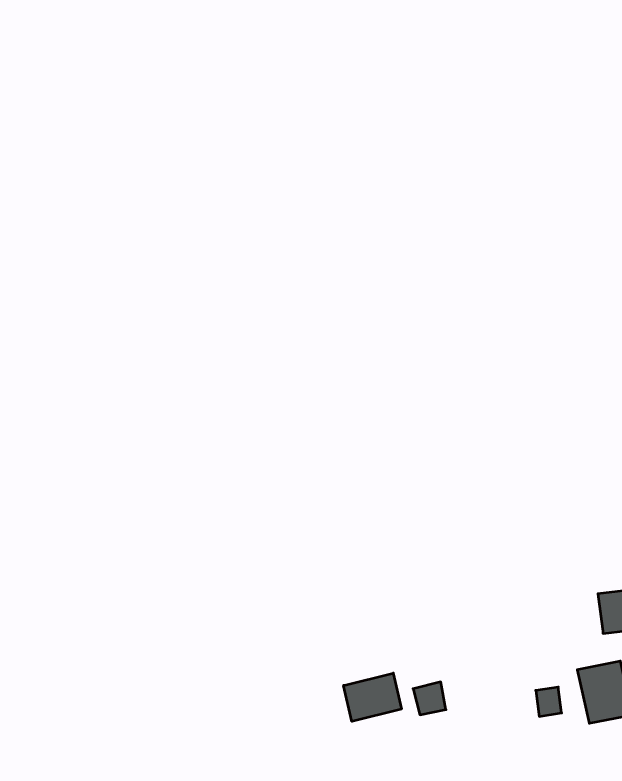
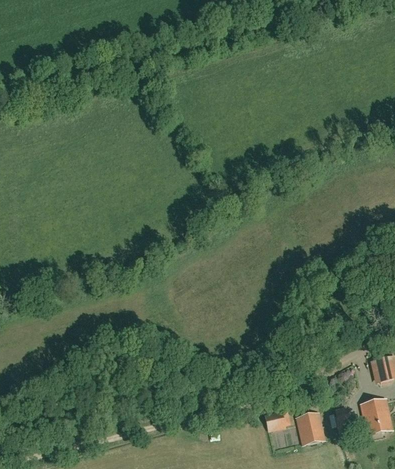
building: [344,673,401,721] -> none
building: none -> [296,412,324,444]

